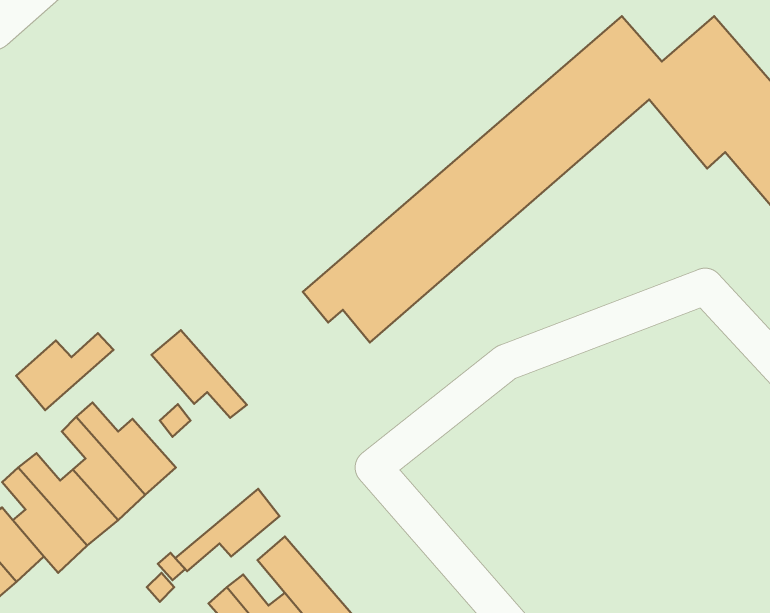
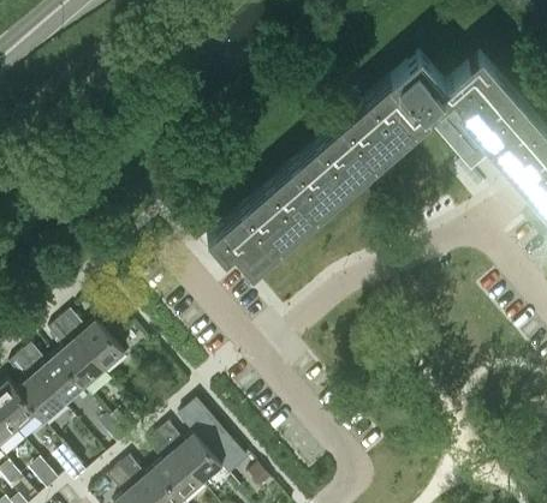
building: [151,330,247,418] -> none
building: [16,333,113,410] -> none
building: [175,489,280,571] -> none

